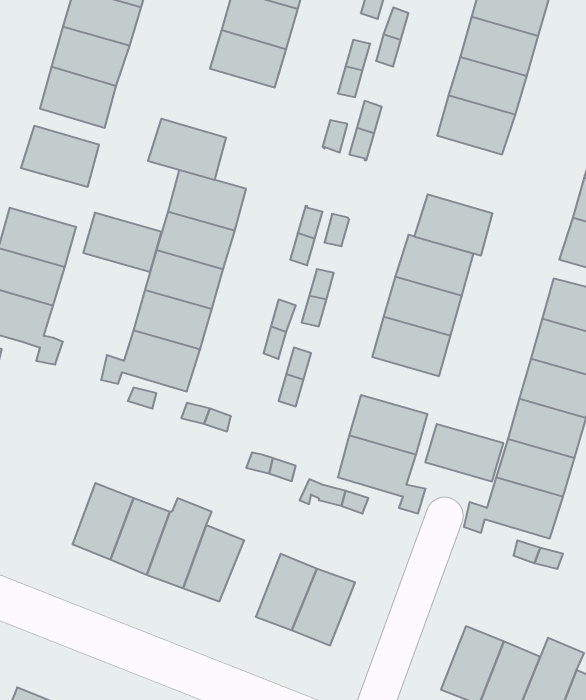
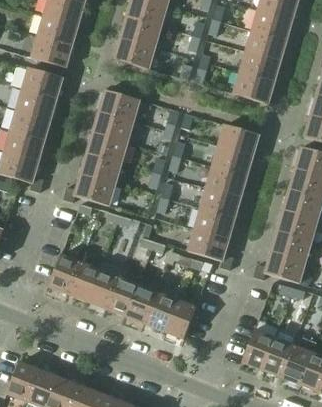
building: [148,119,226,180] -> [114,37,155,69]
building: [414,194,493,256] -> [233,72,274,104]
building: [83,213,162,272] -> [16,89,57,120]
building: [425,424,503,481] -> [200,188,241,218]
building: none -> [126,284,158,324]

